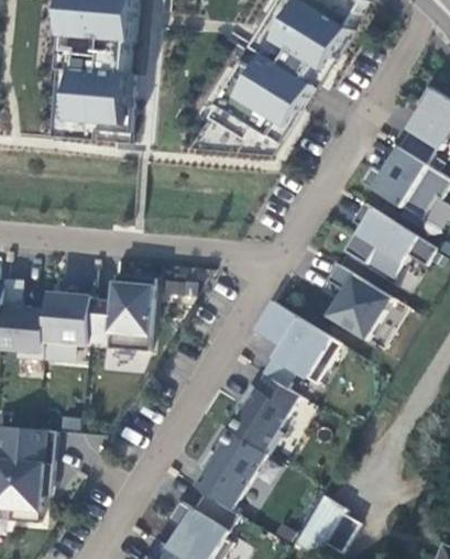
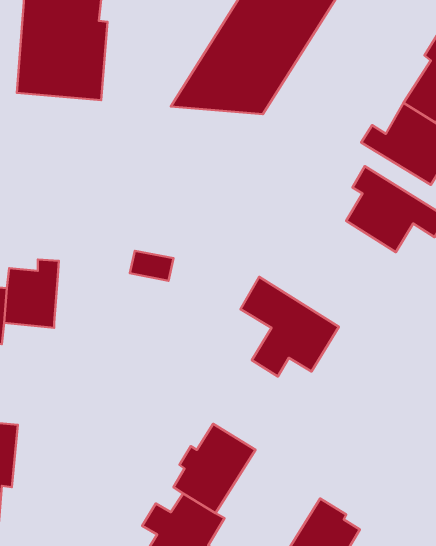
building: [326,262,392,339] -> none
building: [88,275,154,350] -> none
building: [229,373,298,453] -> none

